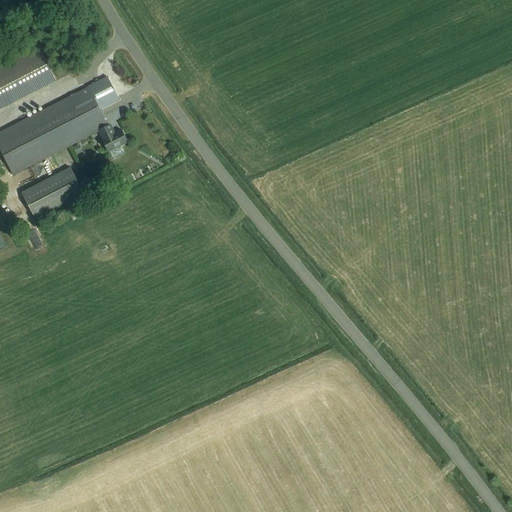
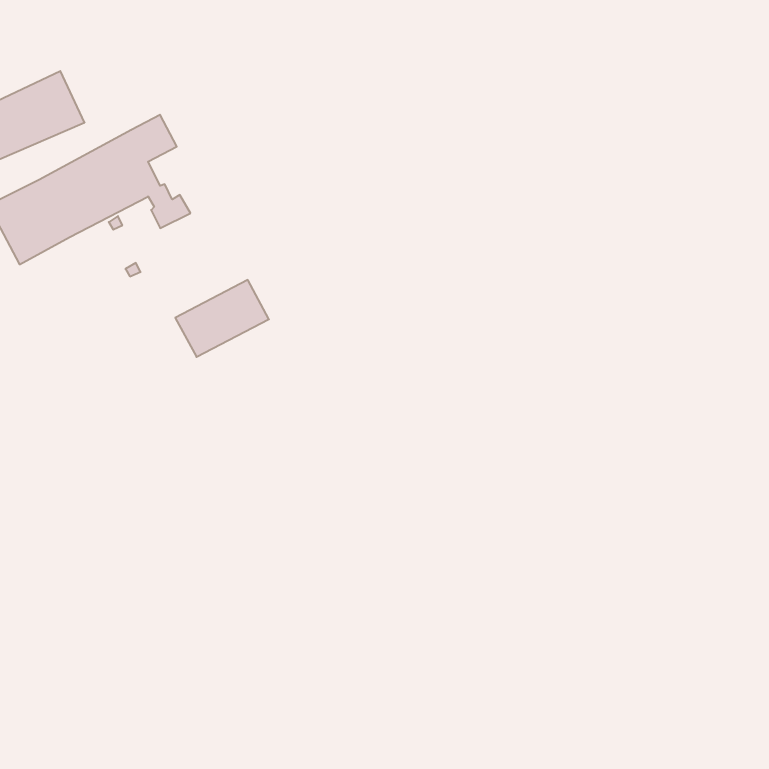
building: [20,166,82,217] -> [175,280,269,357]

